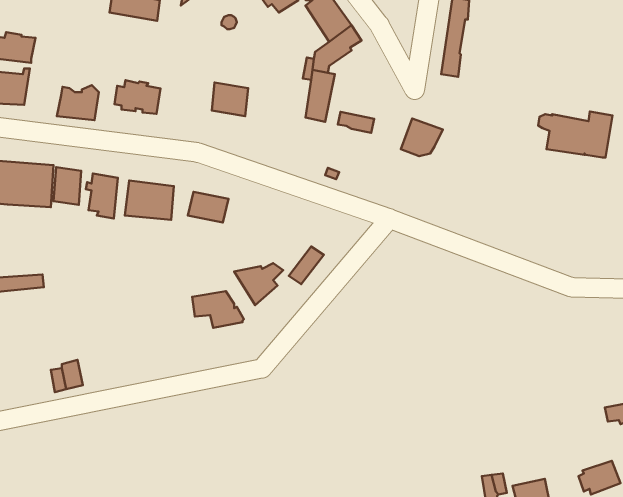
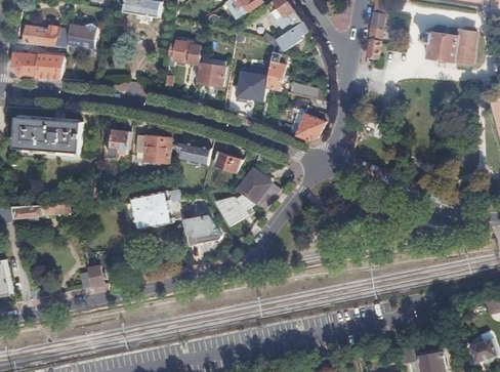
building: [114,80,161,114] -> [167,39,201,64]
building: [57,85,99,120] -> [66,22,96,47]
building: none -> [232,70,258,95]
building: [538,111,612,158] -> [420,27,474,60]
building: [401,118,443,156] -> [295,112,326,139]
building: [54,167,81,205] -> none
building: none -> [213,150,243,172]
building: none -> [237,168,270,203]
building: none -> [130,189,182,229]

